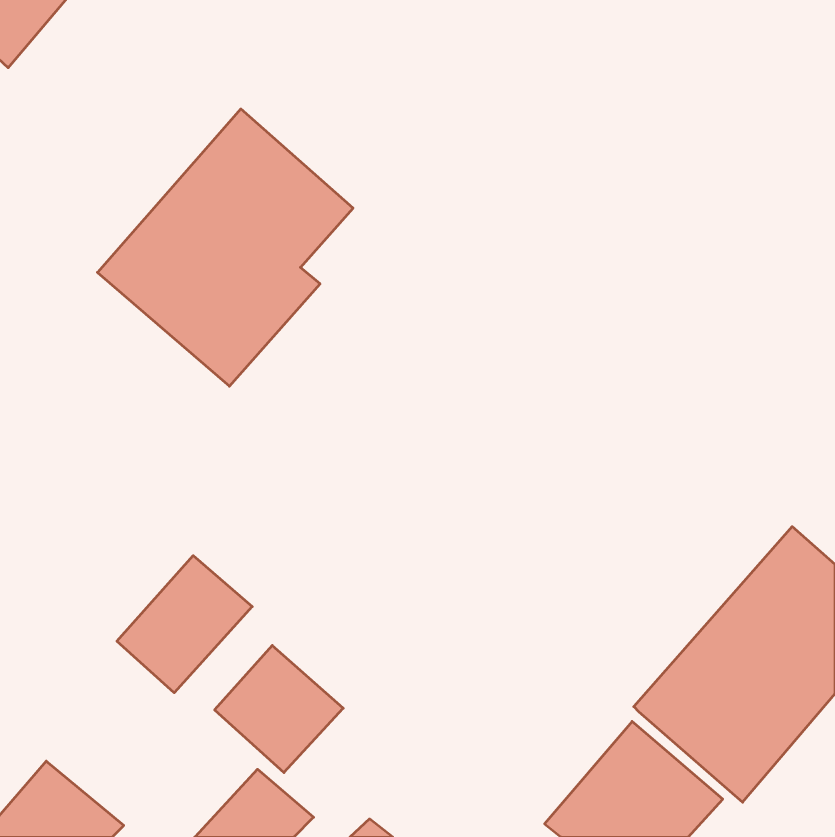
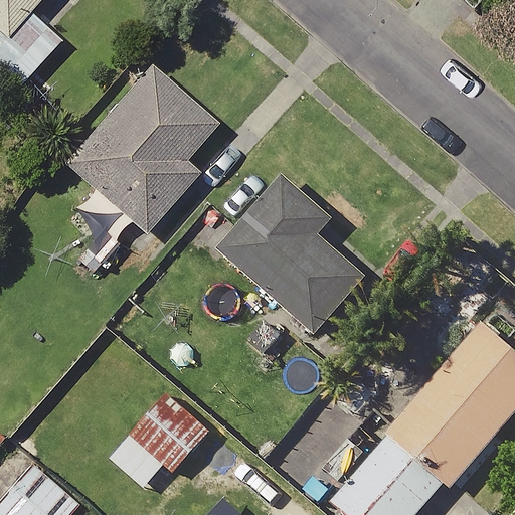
building: none -> [217,174,368,335]
building: [117,556,252,693] -> none

